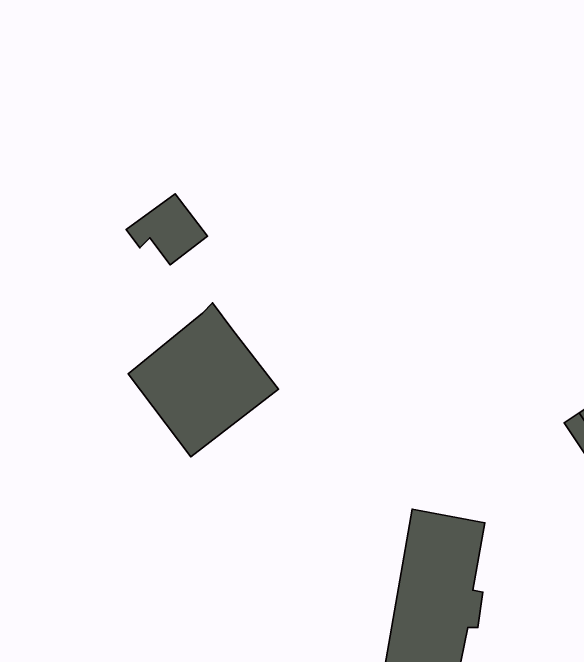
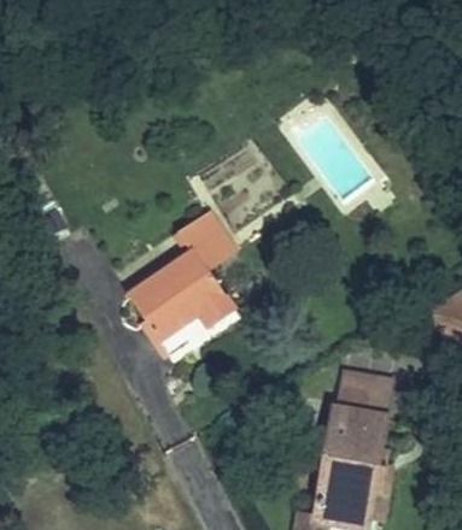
building: [126,194,207,265] -> [175,207,233,258]

